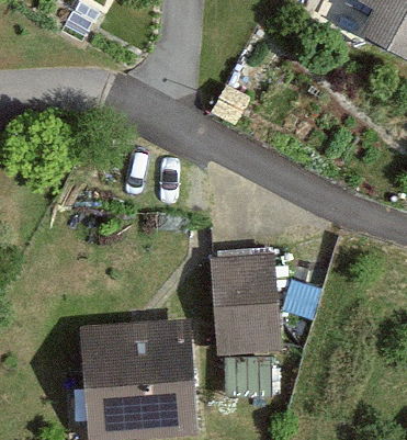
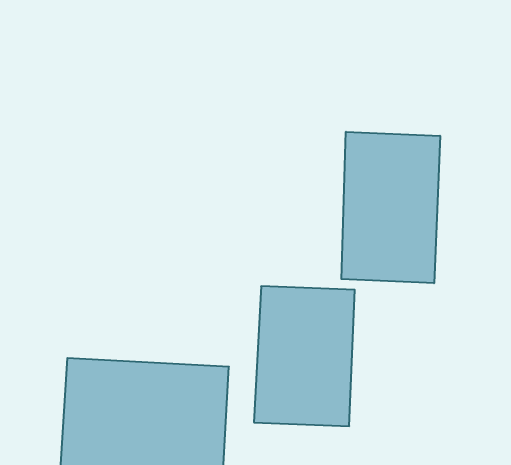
building: none -> [341,132,440,283]

